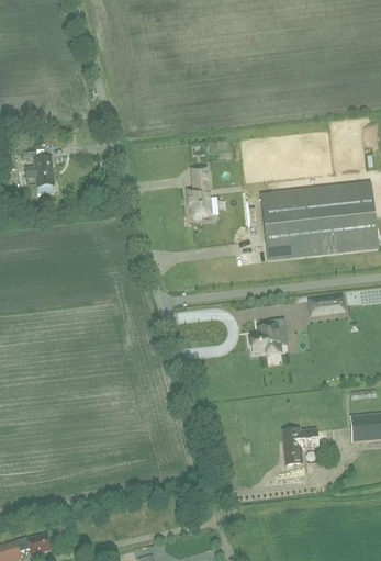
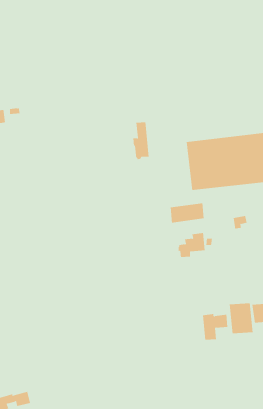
building: [24,156,54,186] -> none
building: none -> [170,202,204,223]
building: none -> [229,302,253,334]

